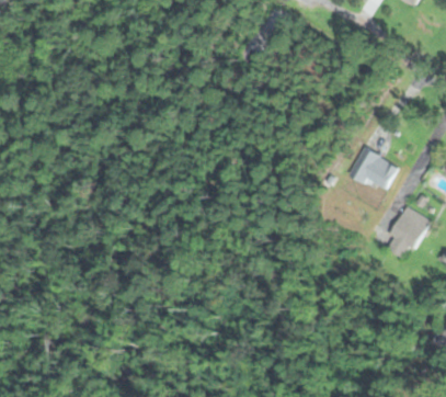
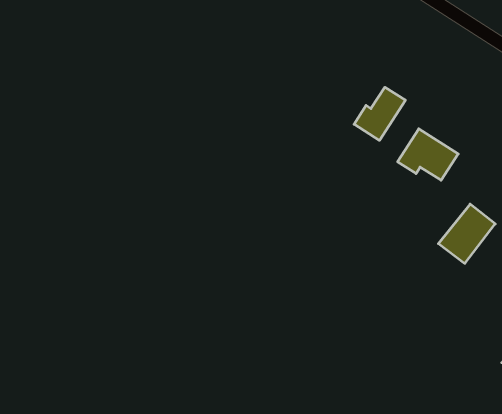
building: none -> [354,87,405,140]

